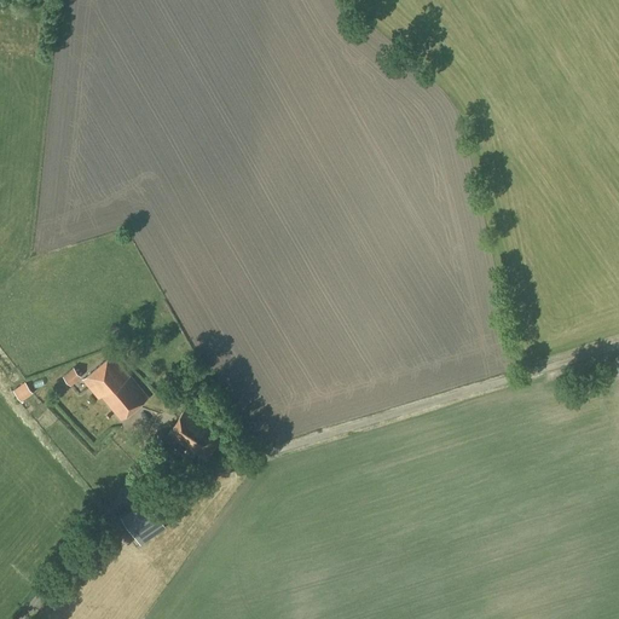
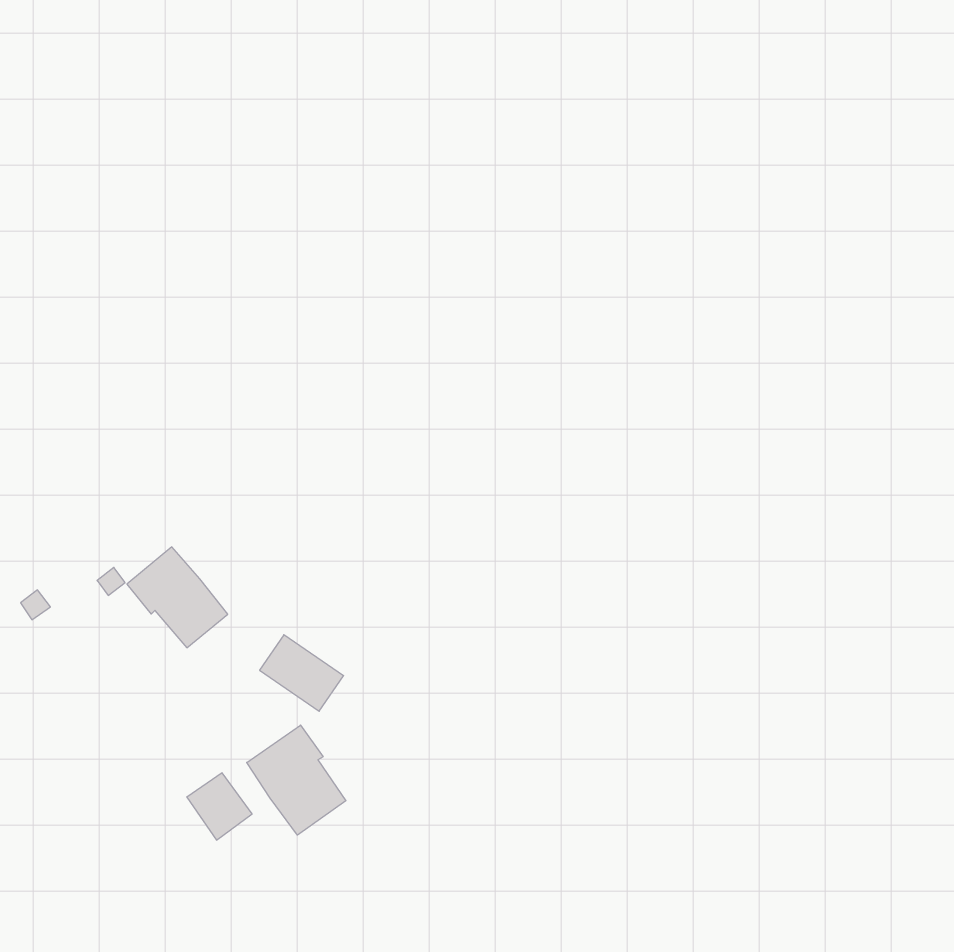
building: none -> [247,725,346,835]

